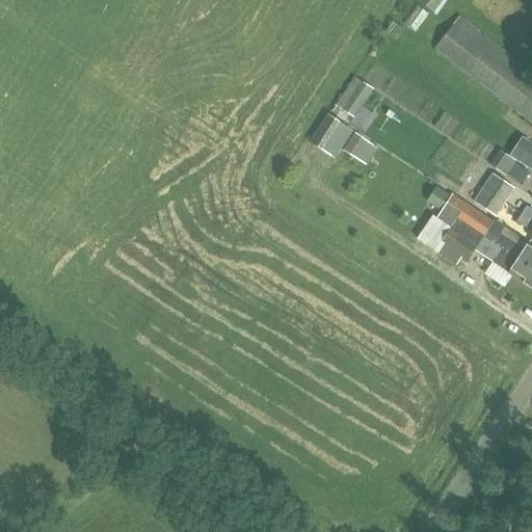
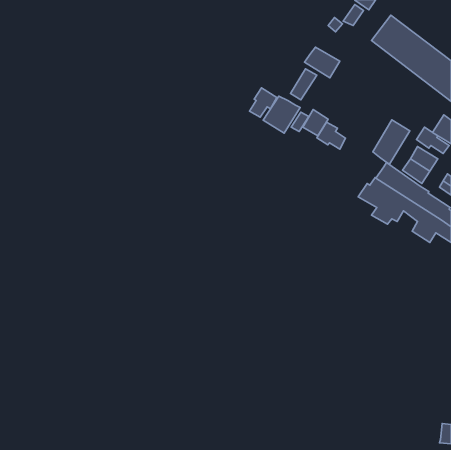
building: none -> [305,47,340,78]
building: none -> [249,88,277,117]
building: none -> [373,120,410,164]
building: none -> [317,122,346,149]

